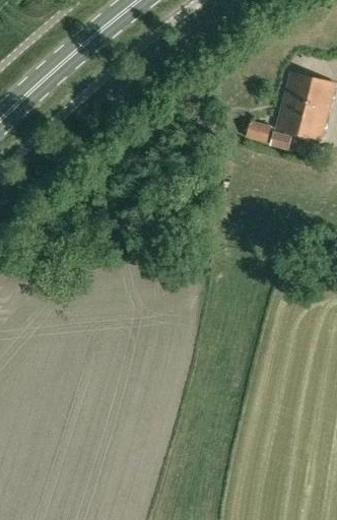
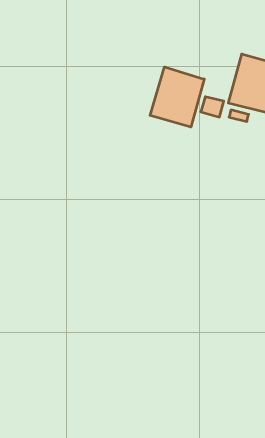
building: none -> [150,67,204,127]

